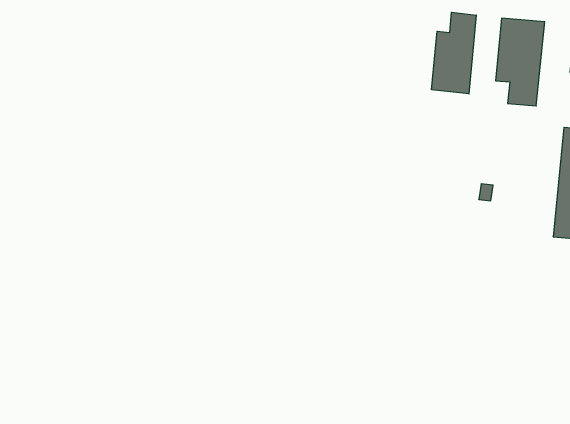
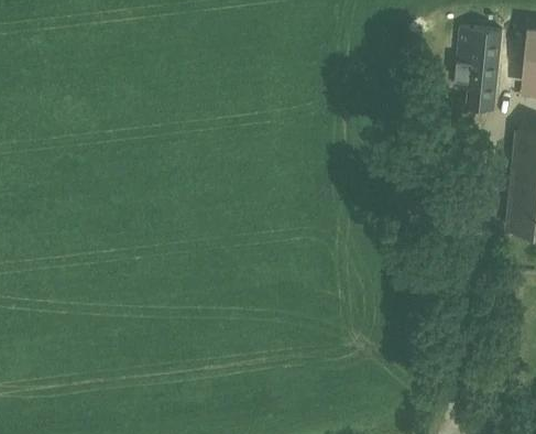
building: [432,12,476,94] -> none

